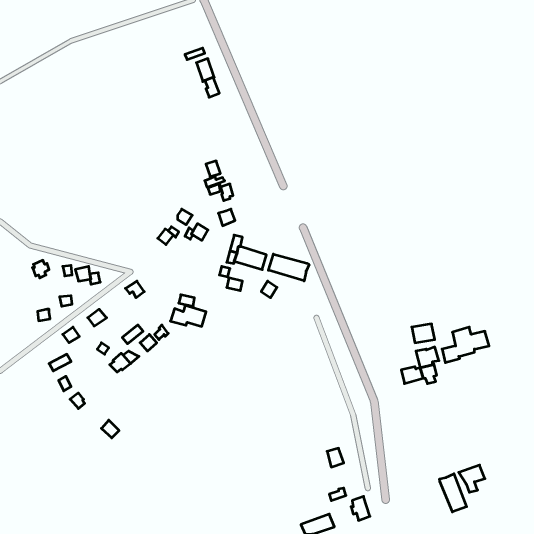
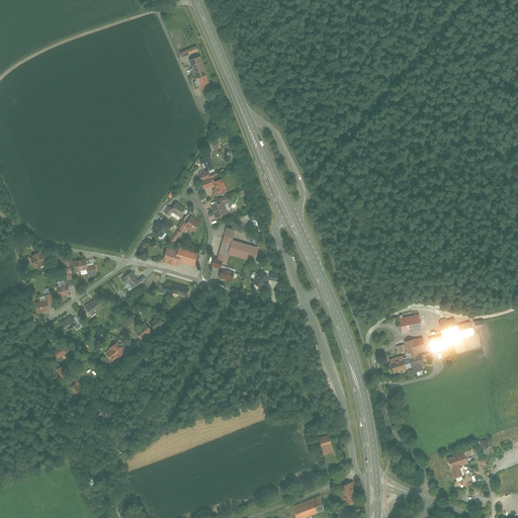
building: [268,254,309,281] -> none
building: [170,305,206,326] -> [164,246,198,266]
building: [440,474,467,512] -> none

